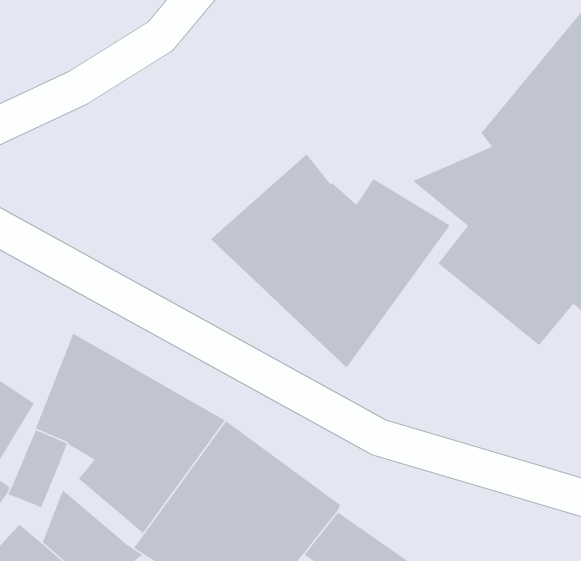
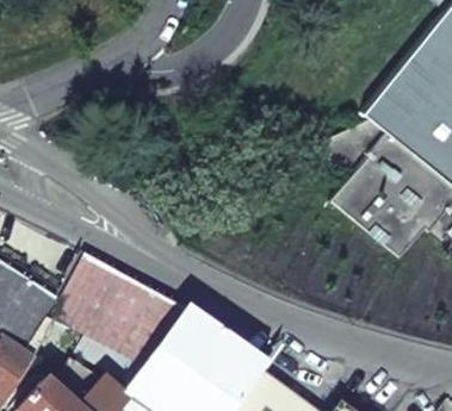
building: [210,153,451,368] -> none

